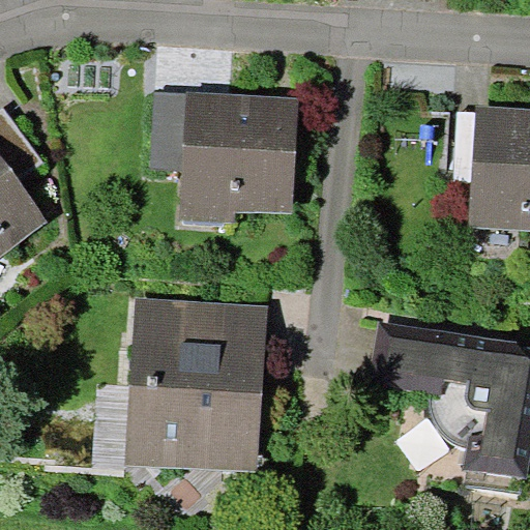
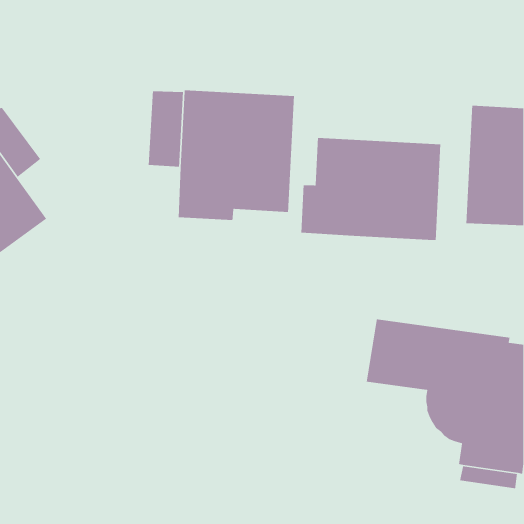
building: none -> [300,137,441,241]
building: [124,298,267,473] -> none

